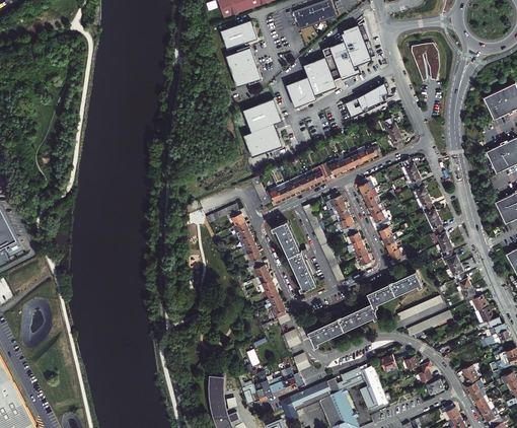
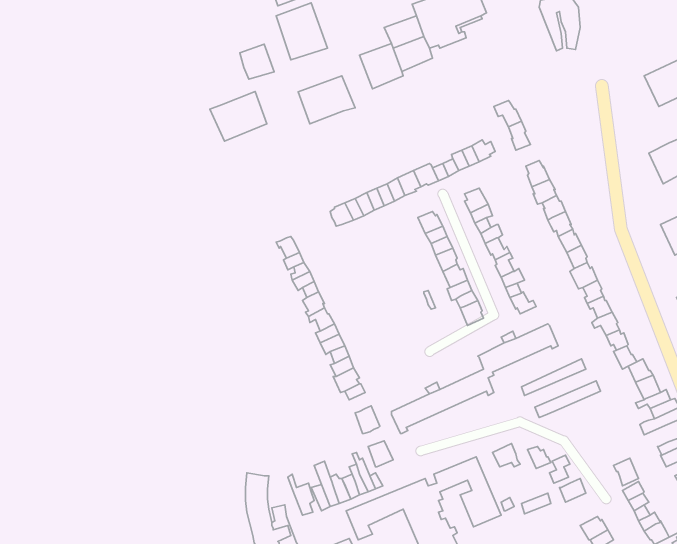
building: none -> [240,44,274,79]
building: [345,82,388,118] -> none
building: [243,123,283,157] -> [210,92,267,141]
building: [272,222,316,293] -> none

